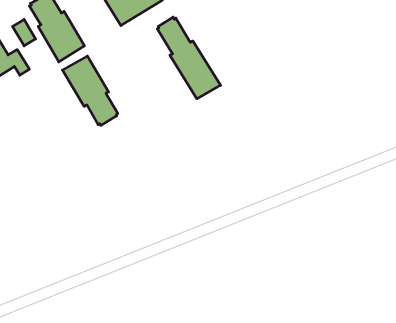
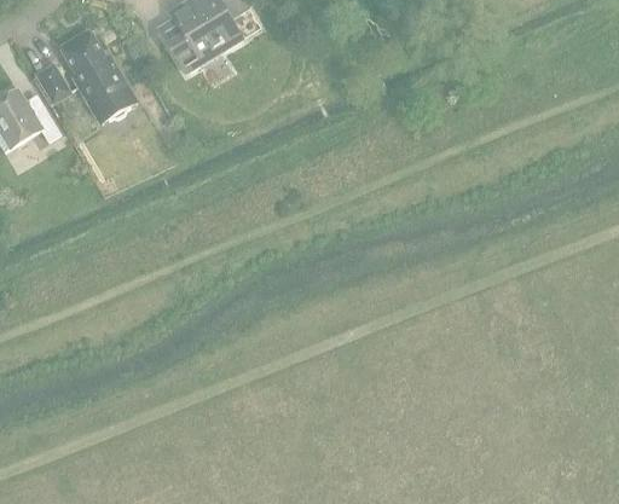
building: [157,17,221,99] -> none
building: [62,56,118,125] -> none

